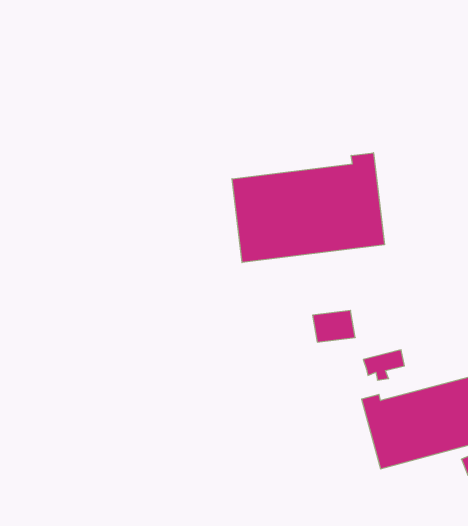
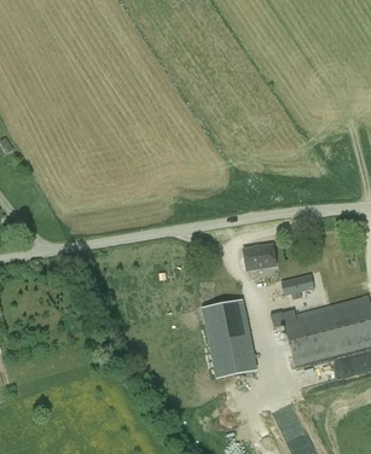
building: [232,153,384,263] -> none
building: none -> [201,299,257,379]

